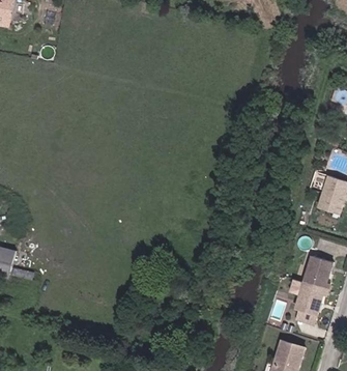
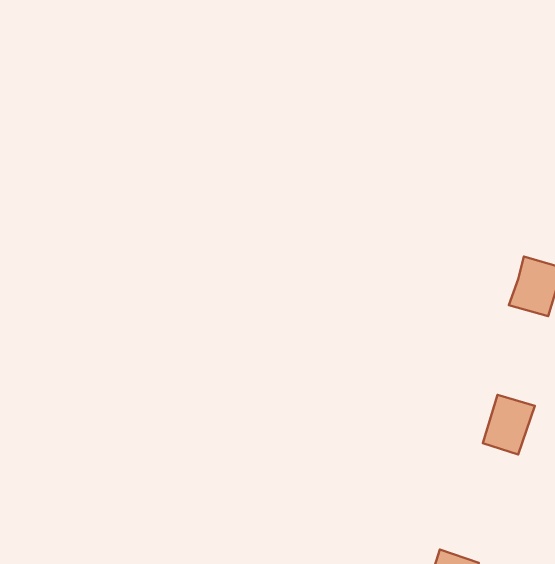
building: [293,278,322,311] -> none

